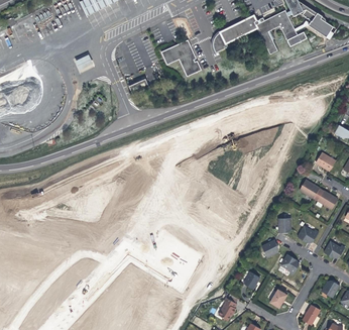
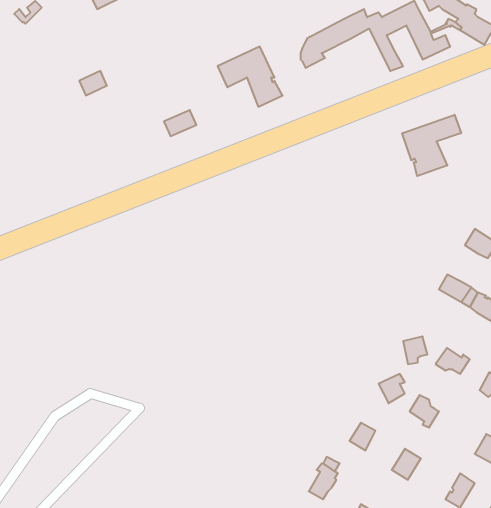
building: none -> [402,115,461,176]

